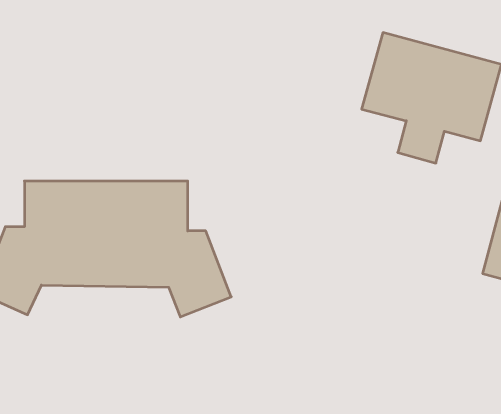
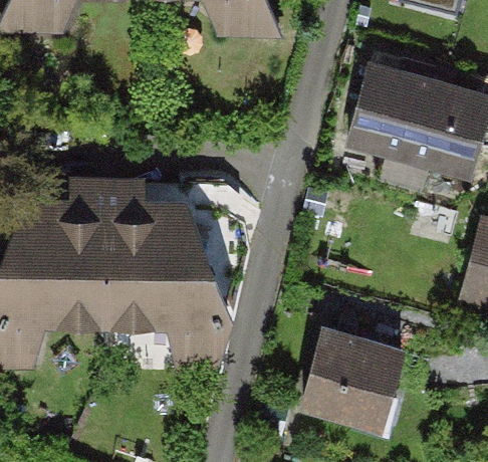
building: none -> [304,328,402,422]

